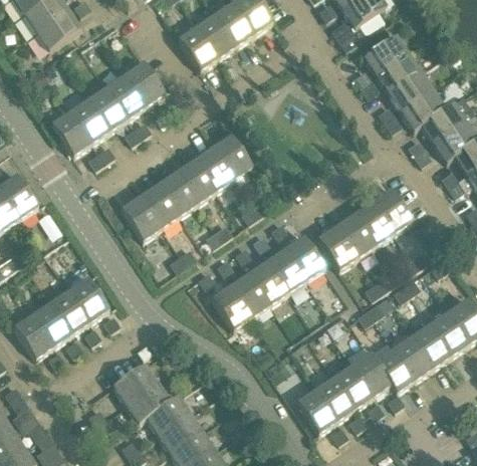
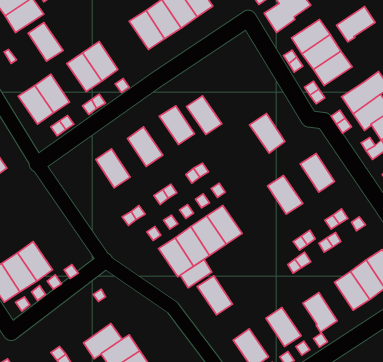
building: [88,86,129,131] -> [28,22,63,61]
building: [400,90,444,131] -> [336,7,375,42]
building: [194,147,234,191] -> [186,96,222,135]
building: [158,172,197,216] -> none
building: [121,196,161,240] -> none
building: [353,201,394,246] -> [250,113,285,153]
building: [316,226,356,270] -> none
building: [284,236,324,280] -> none
building: [68,277,108,321] -> none
building: none -> [180,259,212,288]
building: [394,335,433,380] -> none
building: [351,352,392,397] -> none
building: [112,364,157,405] -> none
building: [314,377,354,421] -> [197,276,232,315]

